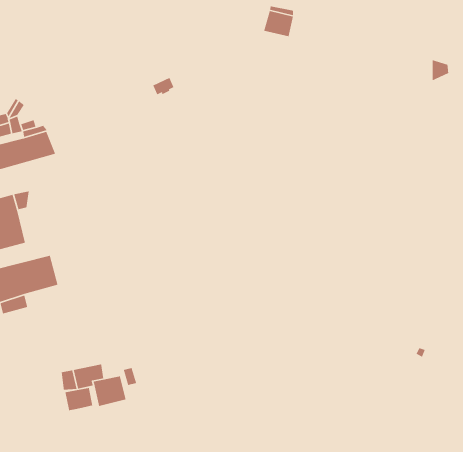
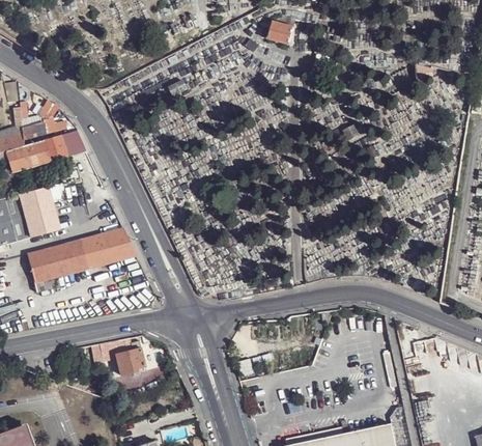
building: none -> [79,229,135,268]
building: [65,387,93,411] -> none

